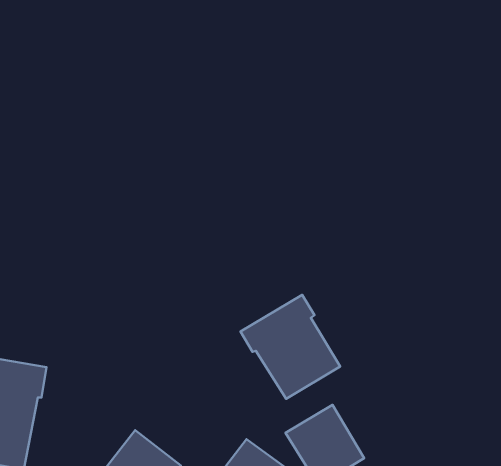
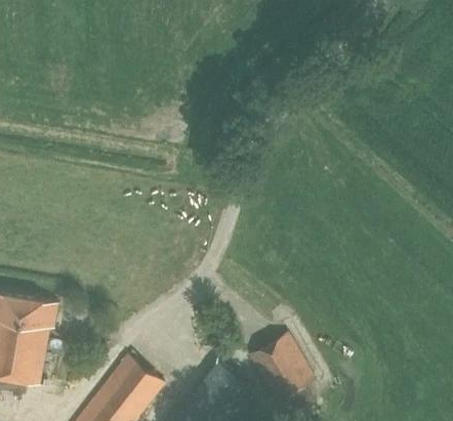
building: [241,295,340,399] -> none

